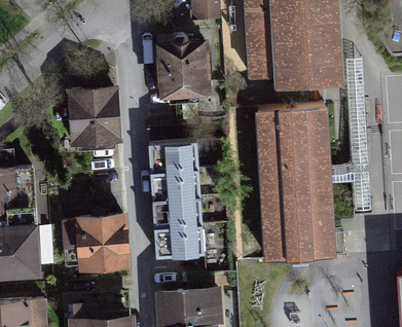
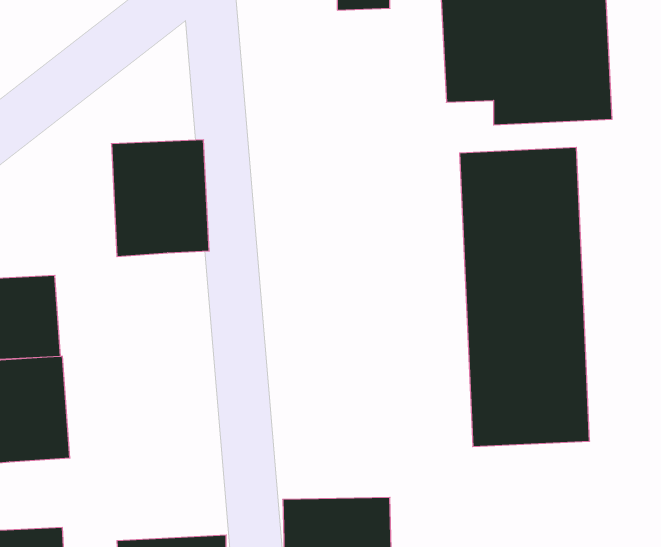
building: [158,40,212,101] -> none
building: [150,146,202,259] -> none
building: [63,216,130,268] -> none

